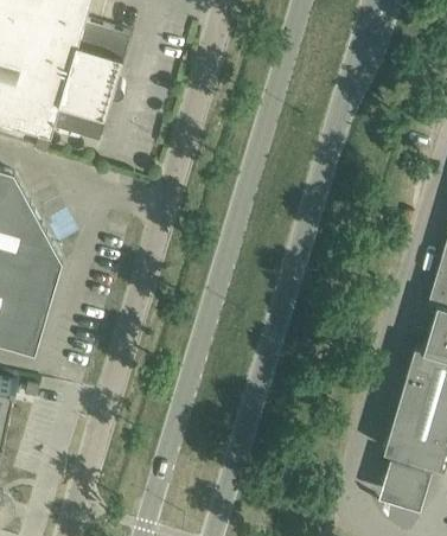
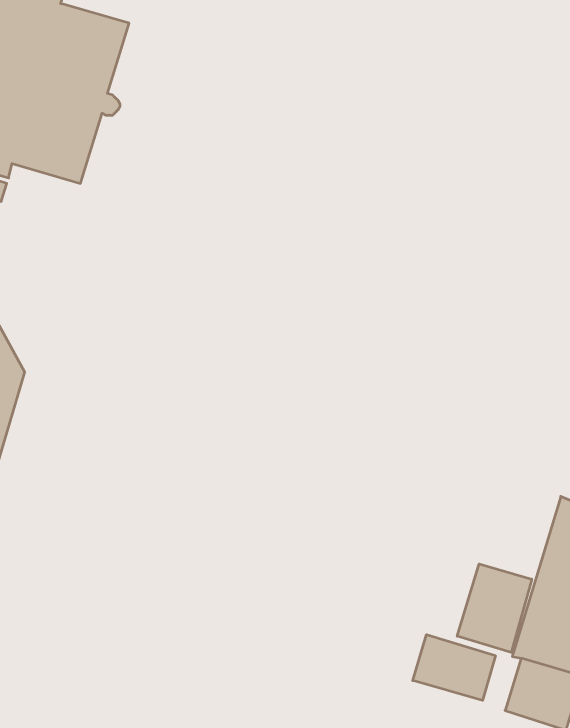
building: none -> [457,564,532,652]
building: none -> [413,635,495,700]

